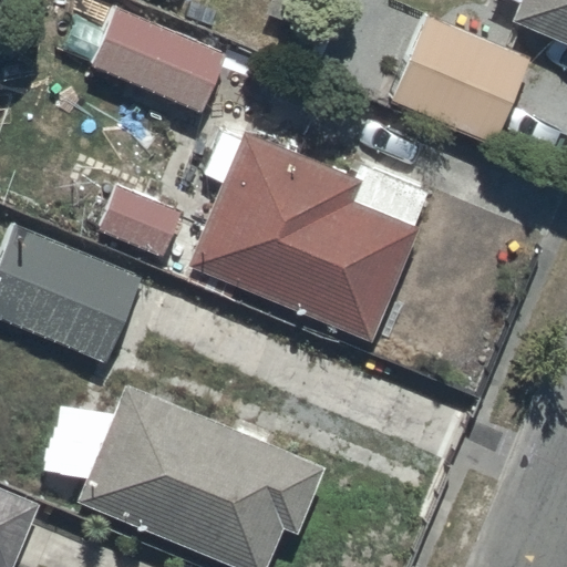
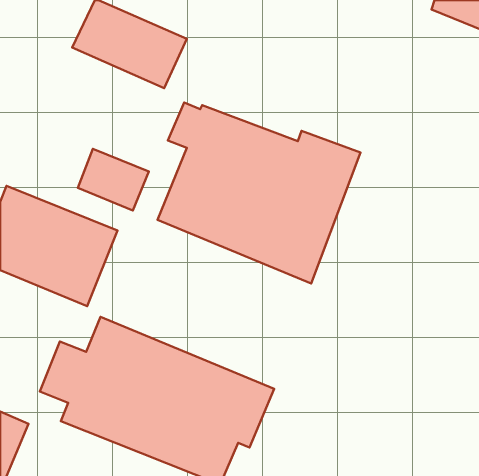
building: [393,19,528,145] -> none

